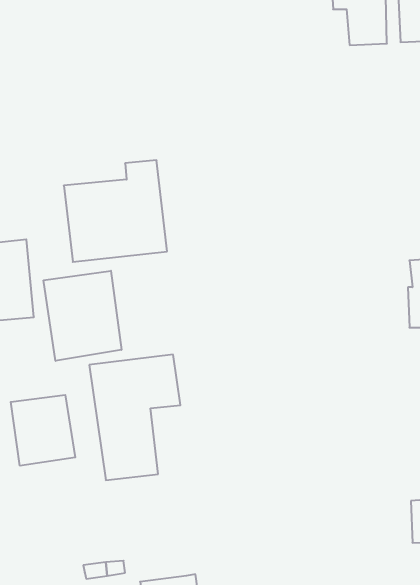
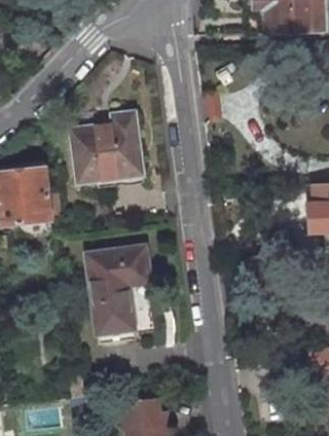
building: [44,271,121,361] -> none
building: [11,395,75,466] -> none

